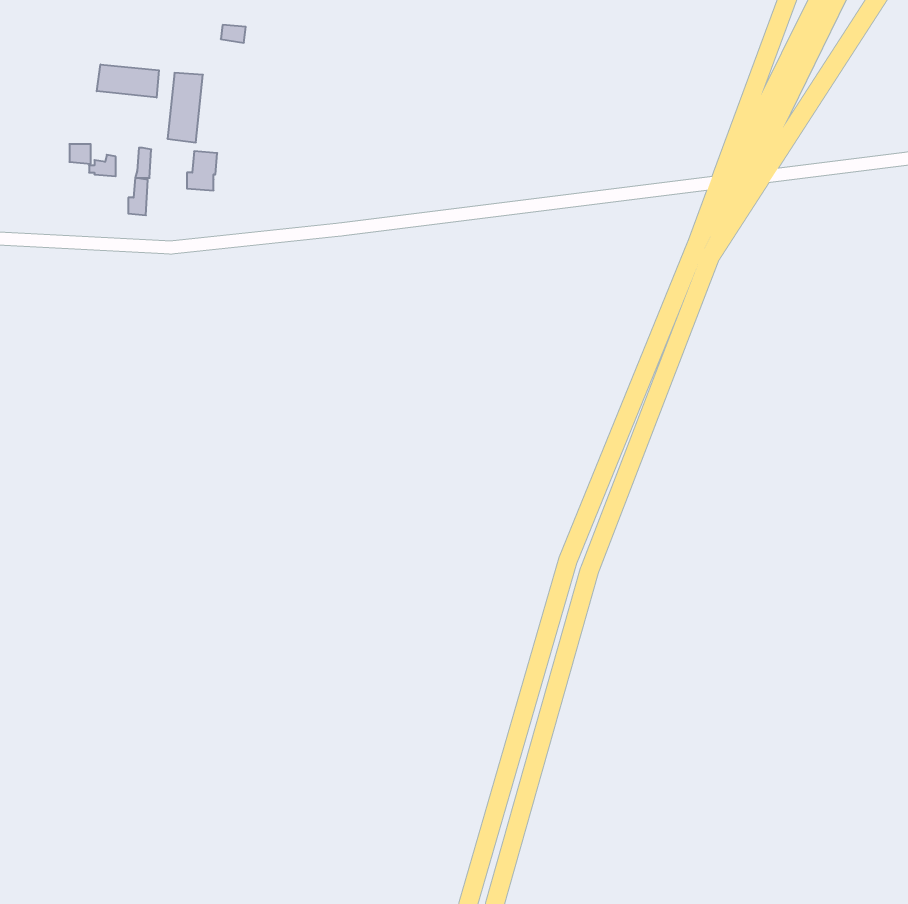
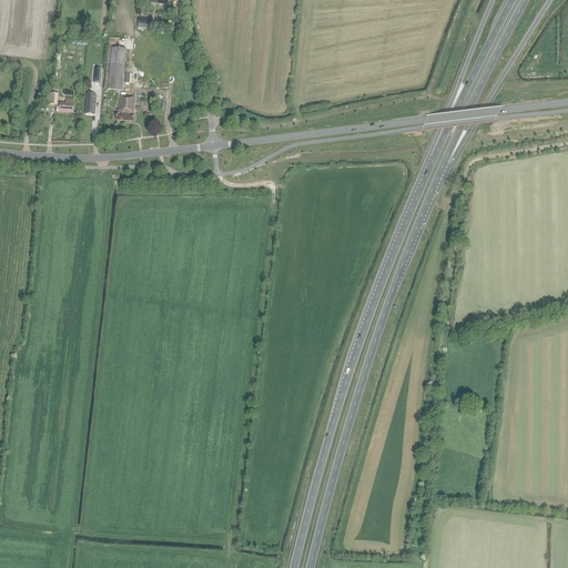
building: [97,64,159,98] -> none

